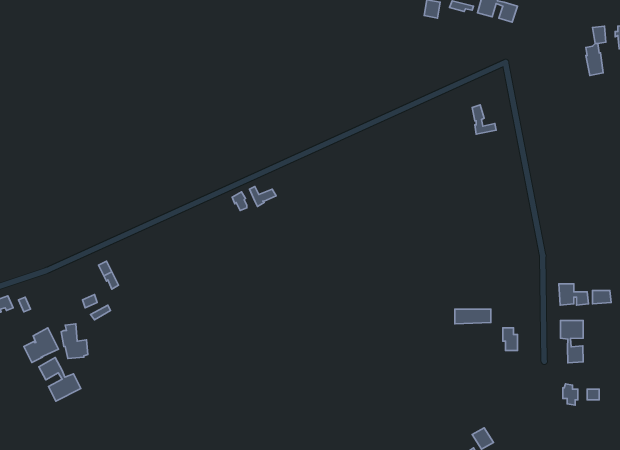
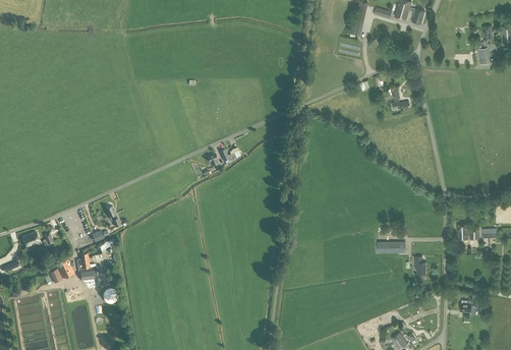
building: [561,321,583,363] -> none
building: [39,357,81,401] -> none

